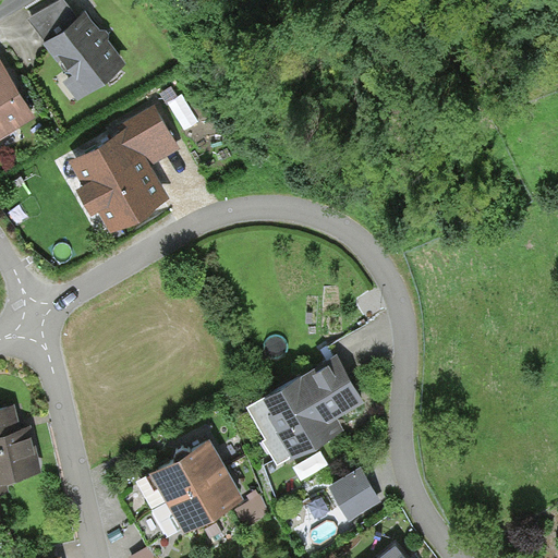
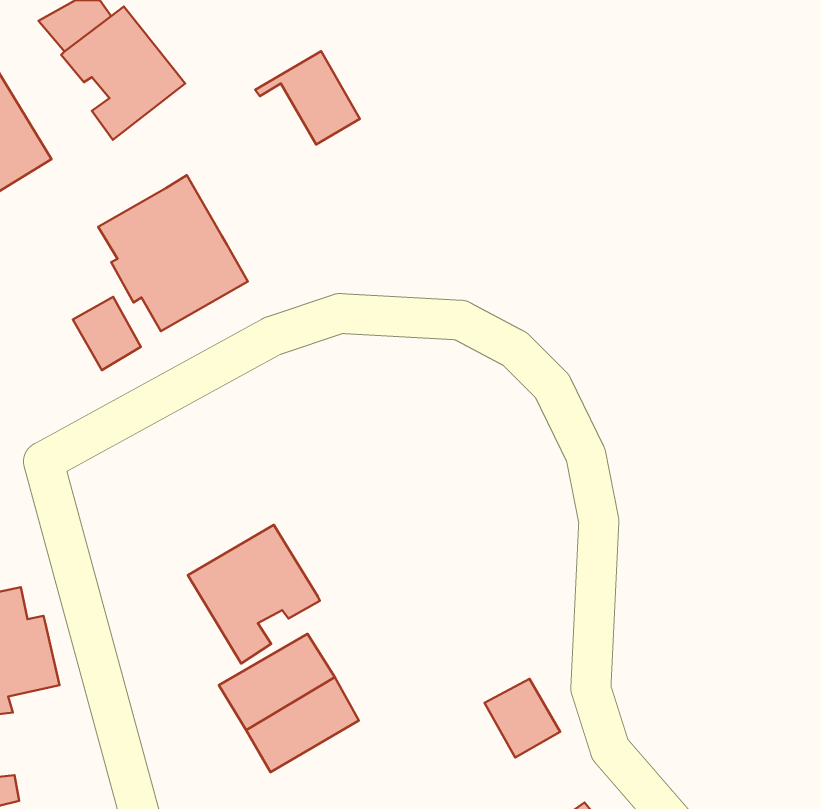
building: [109,106,180,169] -> [255,51,360,145]
building: none -> [73,297,141,370]
building: [262,355,363,461] -> none
building: none -> [188,525,320,664]

